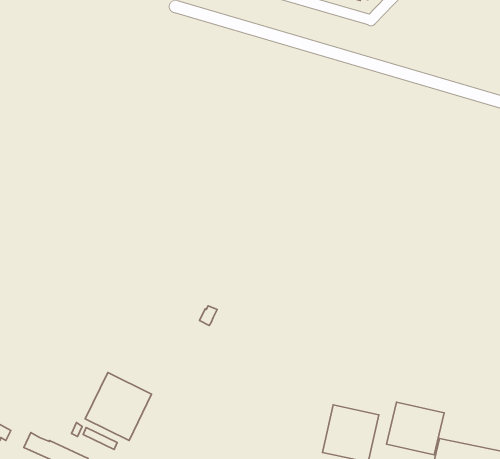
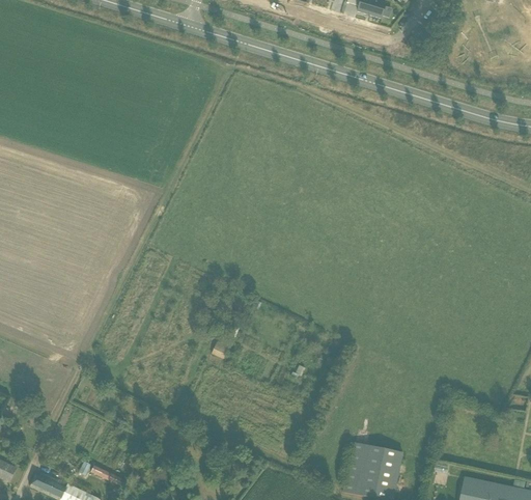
building: [85,372,152,441] -> none
building: [386,402,444,455] -> none

